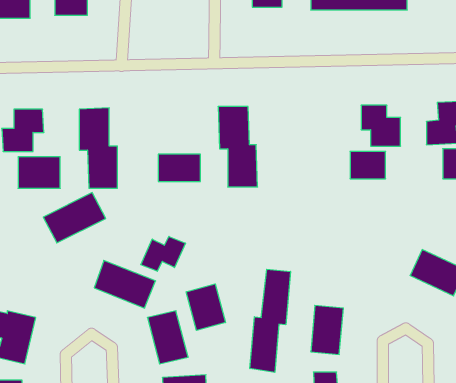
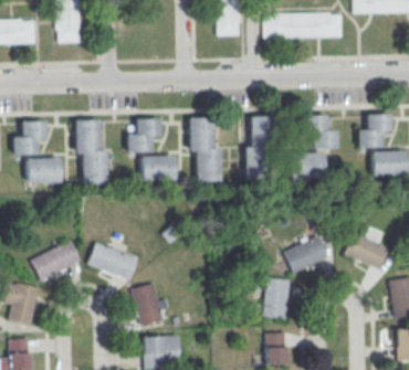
building: none -> [245,115,275,181]
building: none -> [127,117,161,152]
building: [43,193,106,243] -> [31,241,82,282]
building: [141,236,185,271] -> none
building: none -> [284,236,329,274]
building: [250,269,290,372] -> none
building: [186,284,225,330] -> none

